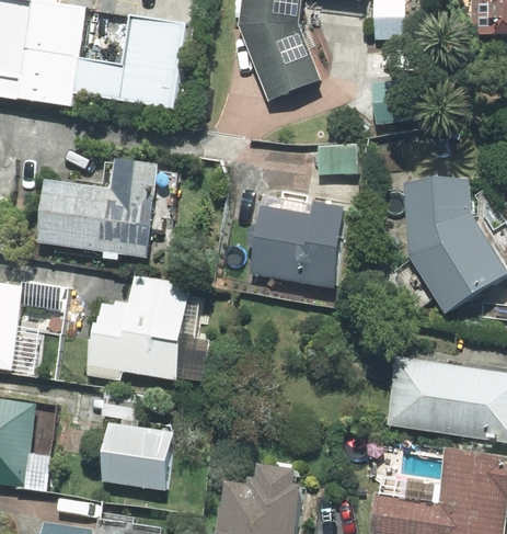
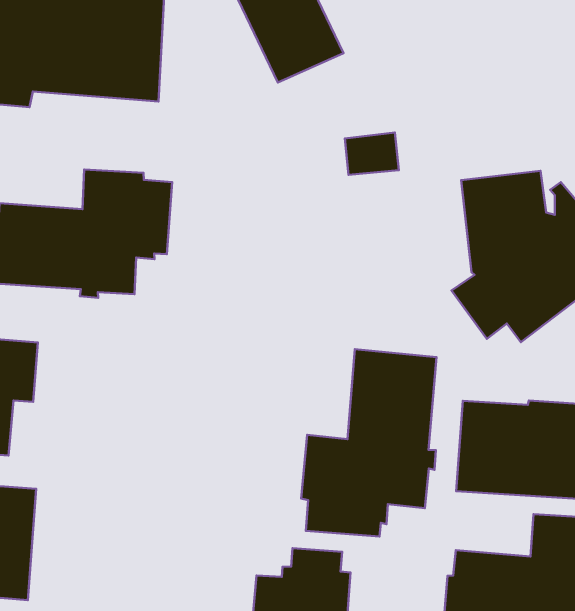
building: [246,196,348,288] -> none
building: [84,279,210,382] -> none
building: none -> [301,349,437,537]
building: [101,423,171,489] -> none

